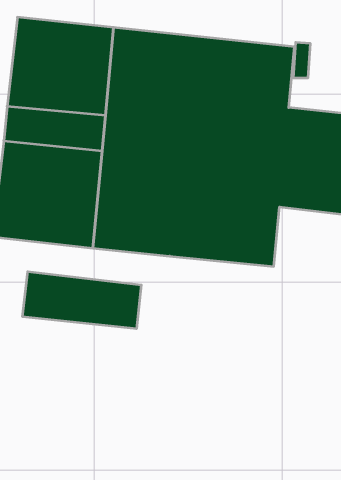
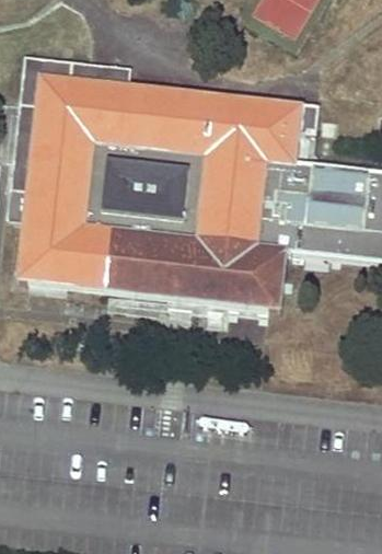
building: [23,272,141,329] -> none

